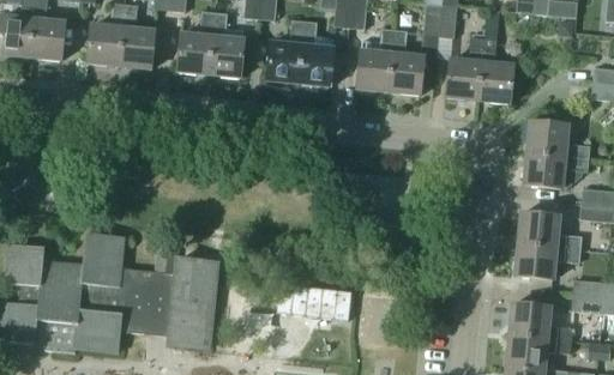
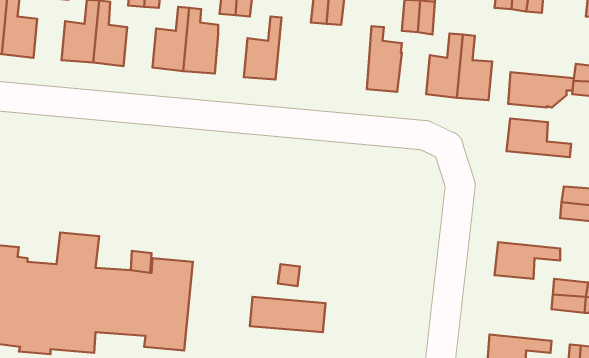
building: [299,22,333,86] -> none
building: [357,29,393,92] -> none
building: [524,153,589,188] -> [508,72,574,107]
building: [518,211,580,249] -> none
building: [510,303,572,340] -> none

